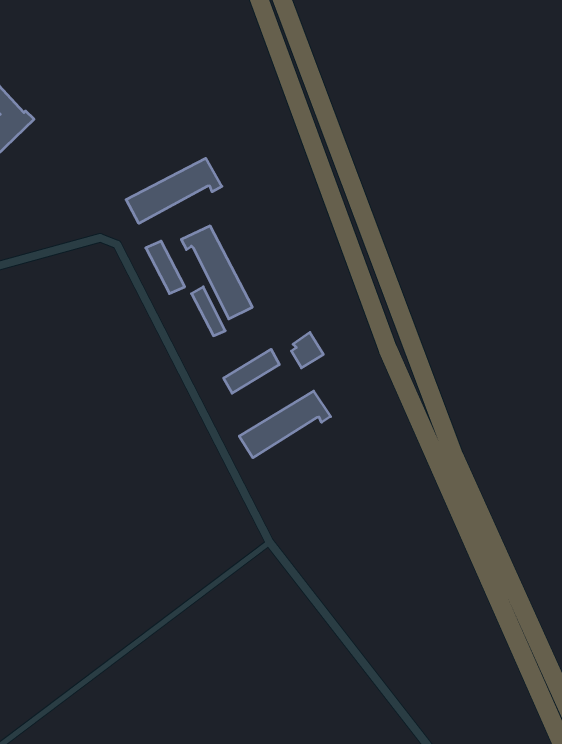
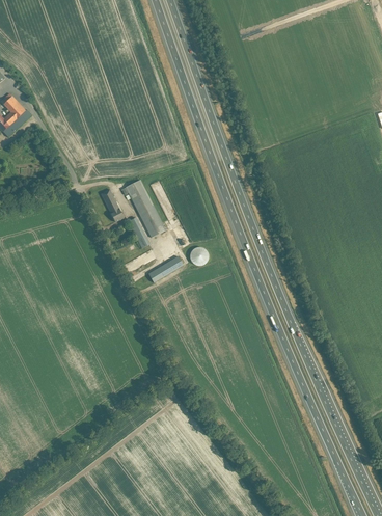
building: [126,158,222,223] -> none
building: [239,391,331,458] -> none

